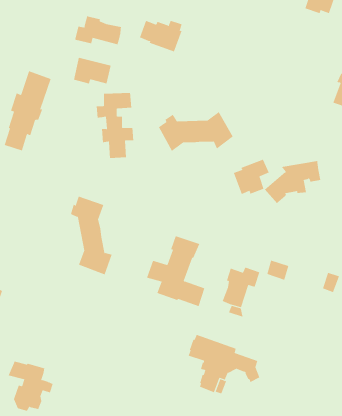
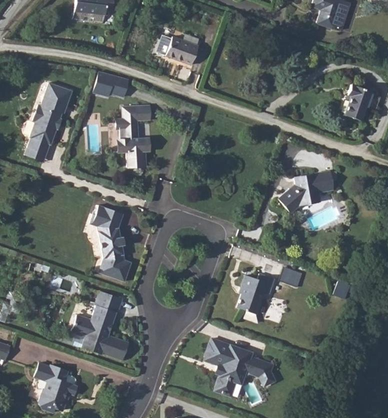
building: [74,15,122,45] -> none
building: [158,111,233,152] -> none
building: [233,159,269,195] -> none
building: [146,235,205,307] -> [71,290,128,359]

